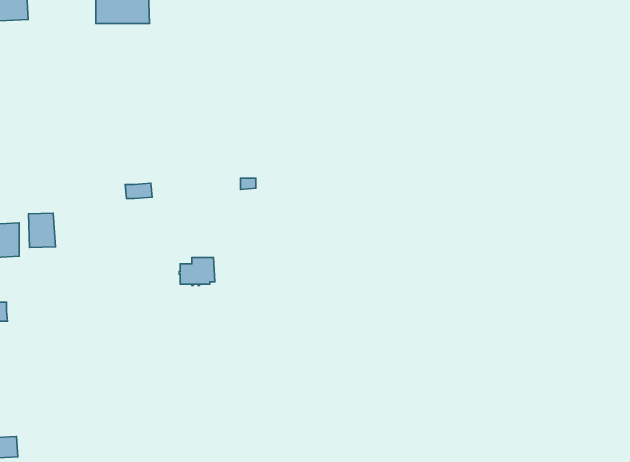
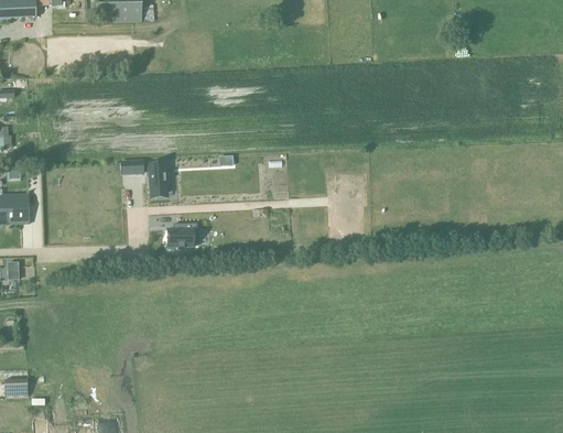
building: none -> [148,163,167,193]
building: [28,213,56,247] -> none

